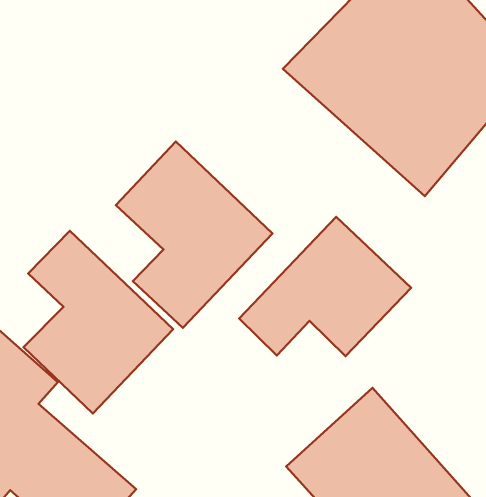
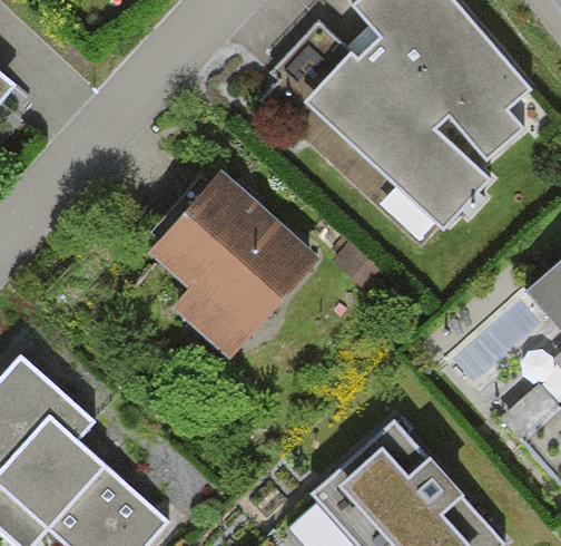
building: [239,217,411,356] -> none
building: [24,231,173,413] -> none

